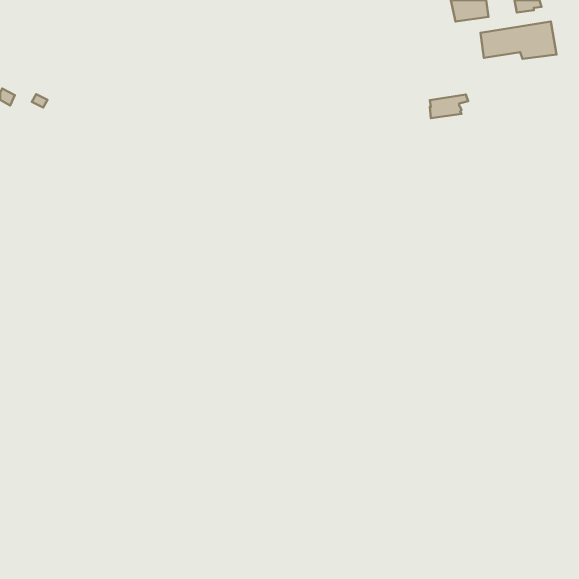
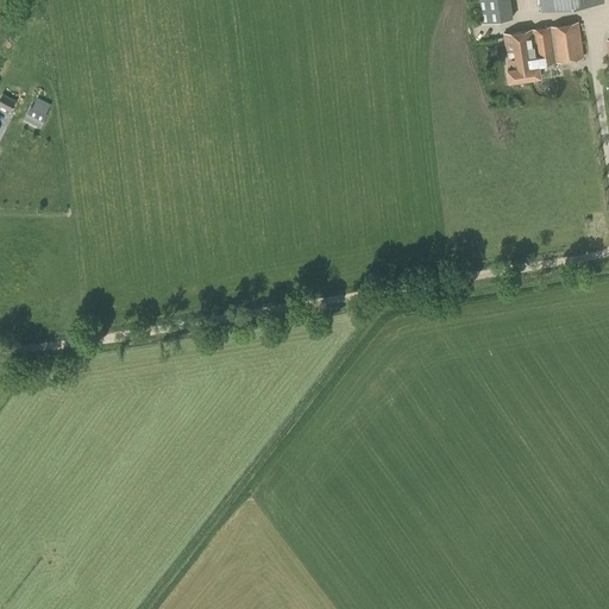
building: [430,94,468,118] -> [508,55,548,80]

